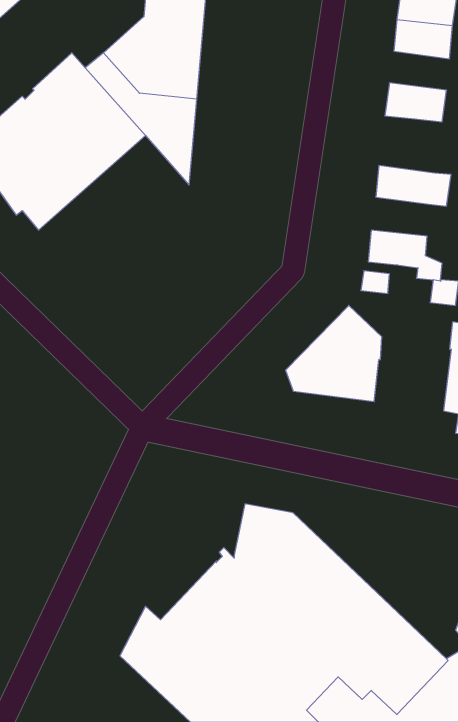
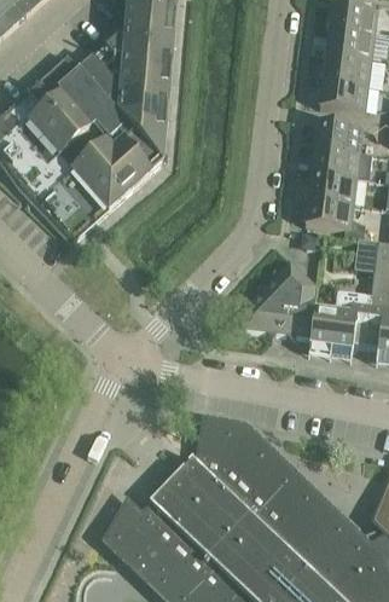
building: none -> [323,56,371,87]
building: none -> [314,122,362,154]
building: none -> [37,123,162,242]
building: none -> [308,173,356,204]
building: none -> [308,291,372,360]

